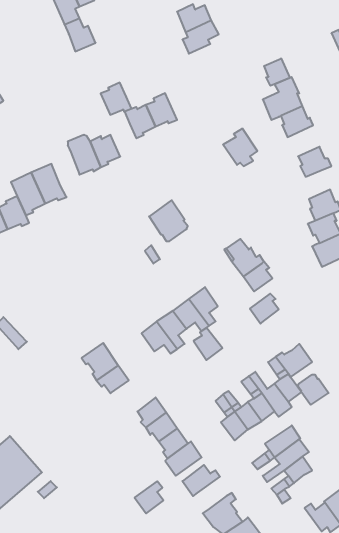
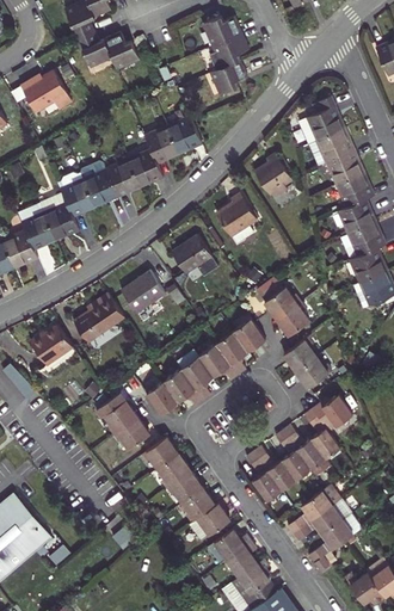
building: none -> [104,32,138,69]
building: none -> [205,60,247,98]
building: none -> [20,70,72,112]
building: [264,58,290,86] -> none
building: [101,83,132,115] -> [129,149,164,185]
building: none -> [326,150,362,185]
building: none -> [57,172,94,217]
building: none -> [216,193,257,243]
building: none -> [338,199,374,233]
building: none -> [122,271,165,313]
building: none -> [74,294,124,341]
building: none -> [30,325,73,364]
building: none -> [296,356,332,388]
building: [194,328,222,360] -> [234,316,266,352]
building: none -> [144,382,178,414]
building: [298,375,329,405] -> none
building: none -> [143,437,179,469]
building: [135,481,163,513] -> [226,542,258,578]

